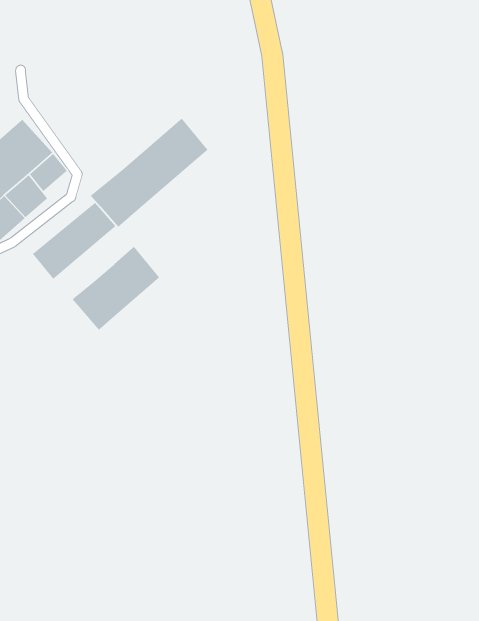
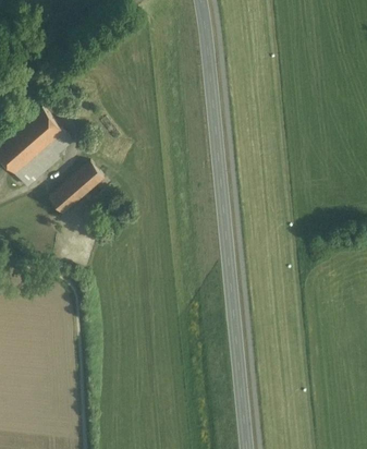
building: [90,117,209,228] -> none
building: [71,246,160,331] -> none

